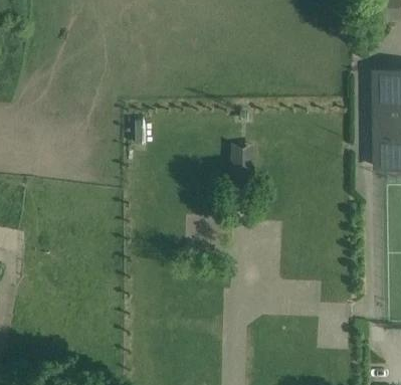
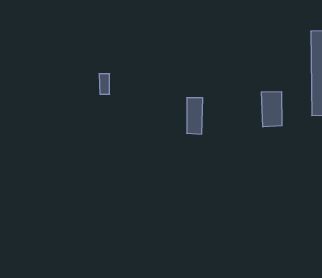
building: none -> [261,92,282,127]

